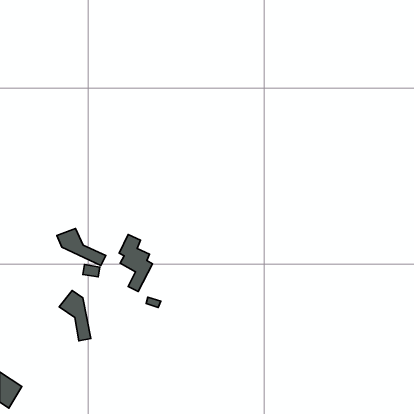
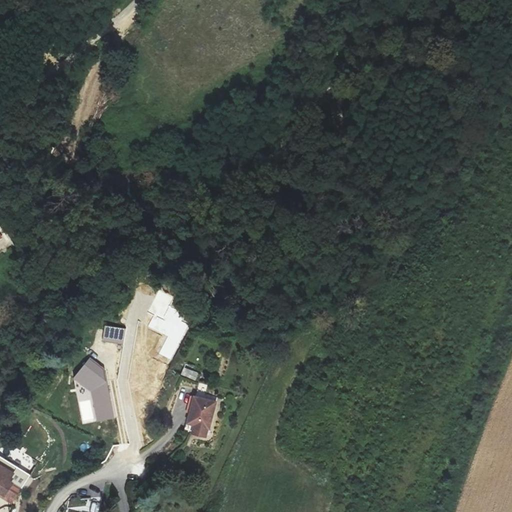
building: [57,228,106,266] -> none
building: none -> [186,394,214,436]

